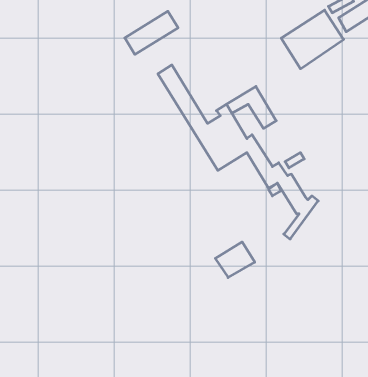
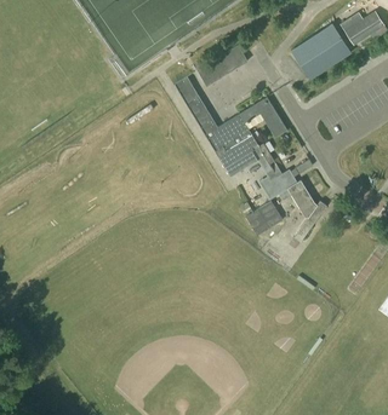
building: [125,11,178,54] -> [196,46,247,87]
building: [215,242,255,278] -> [245,202,283,236]

